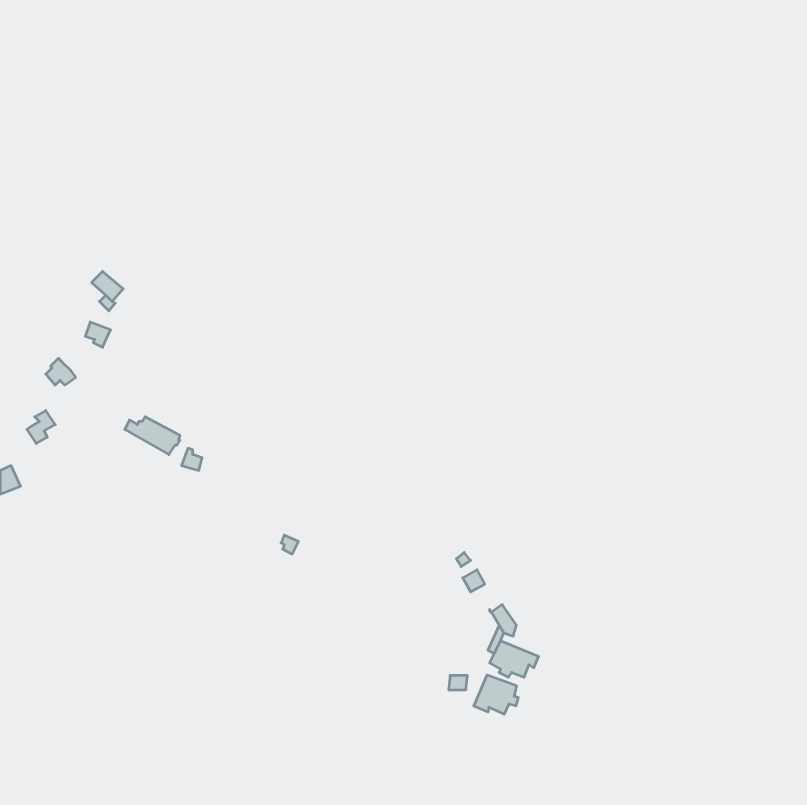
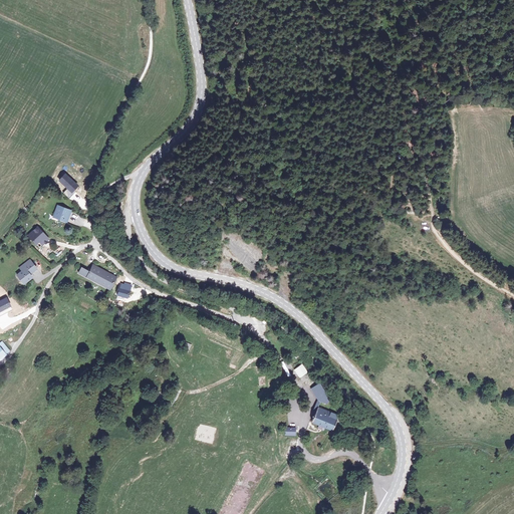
building: [474,675,518,714] -> none

